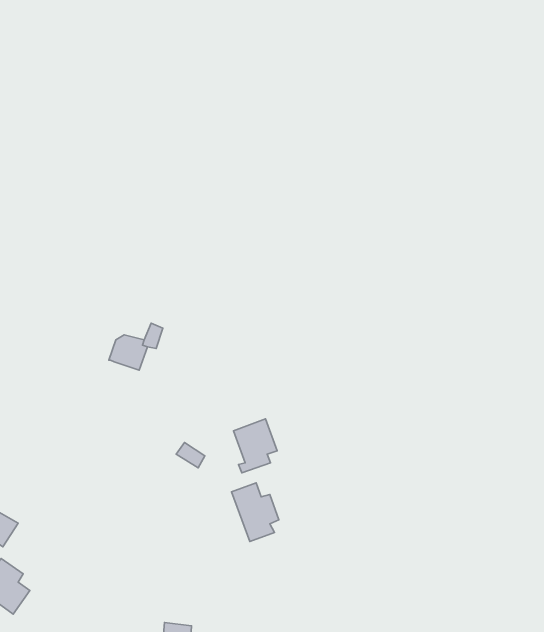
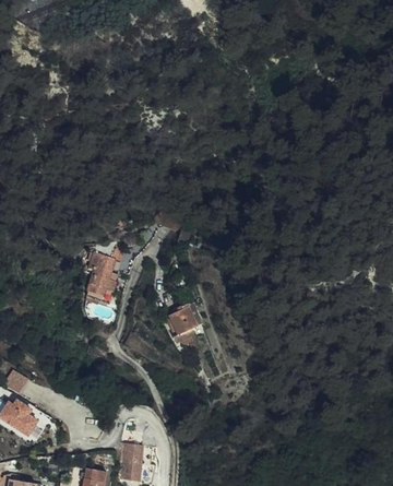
building: none -> [84,272,111,301]
building: [232,483,279,541] -> none

